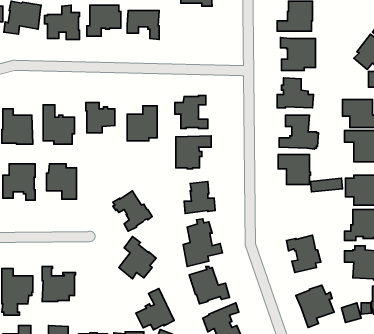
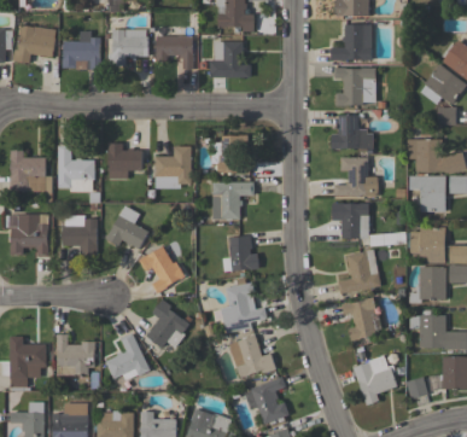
building: none -> [210,41,251,76]
building: none -> [106,205,148,249]
building: none -> [337,249,380,293]
building: [136,288,174,330] -> [105,332,150,380]

